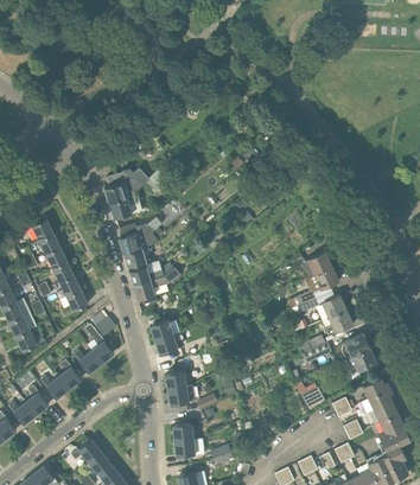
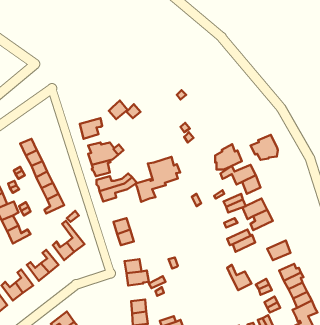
building: [104,170,142,199] -> none
building: none -> [250,135,278,160]
building: none -> [215,144,242,170]
building: none -> [136,157,180,202]
building: [336,333,370,359] -> none

